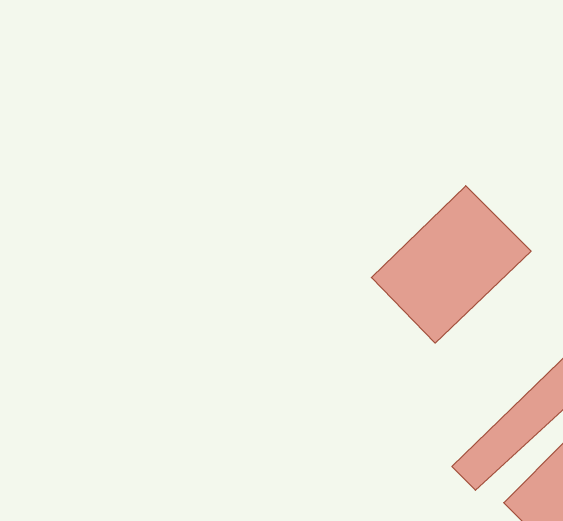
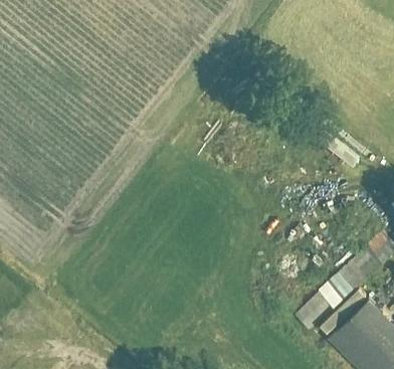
building: [371,186,531,343] -> none

